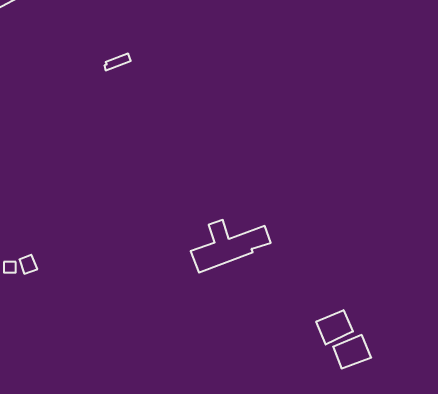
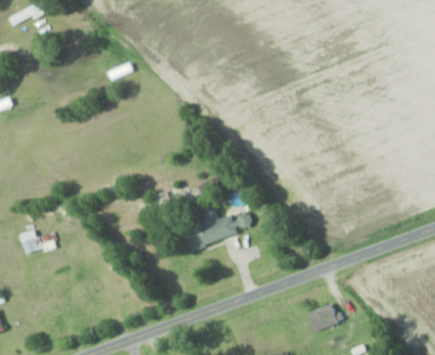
building: [316,310,353,345] -> none

